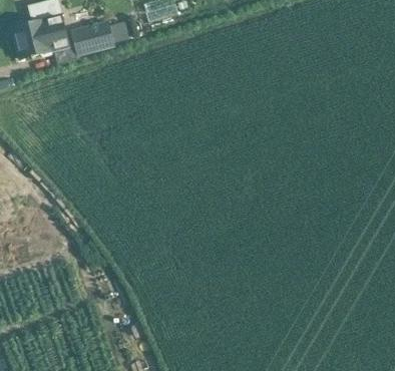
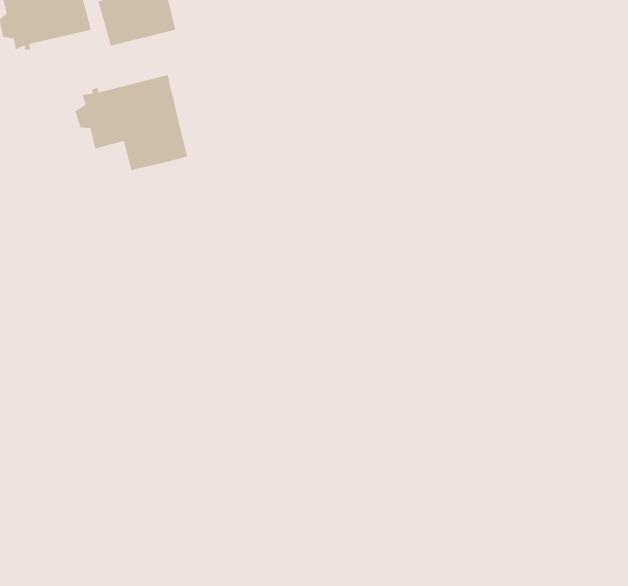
building: none -> [75,74,188,171]

